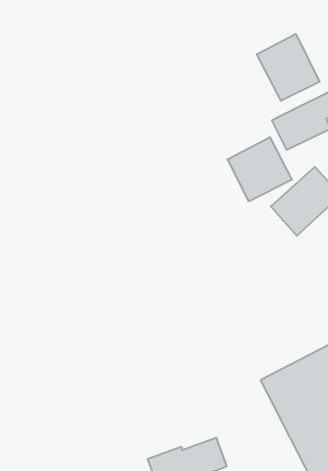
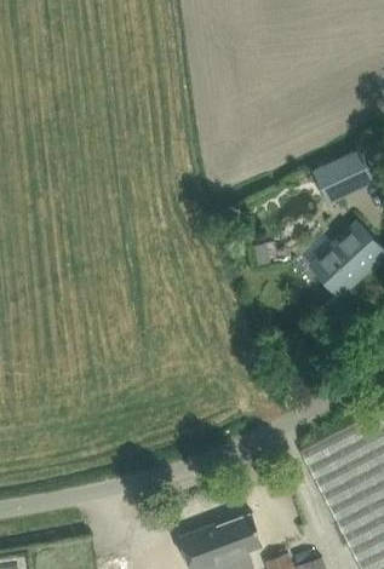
building: [257,34,320,101] -> none
building: [228,137,292,201] -> none

